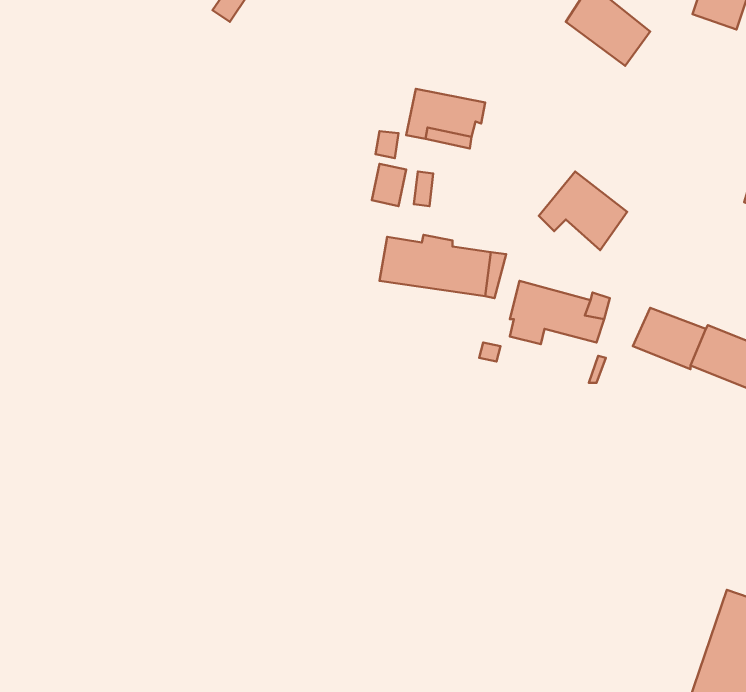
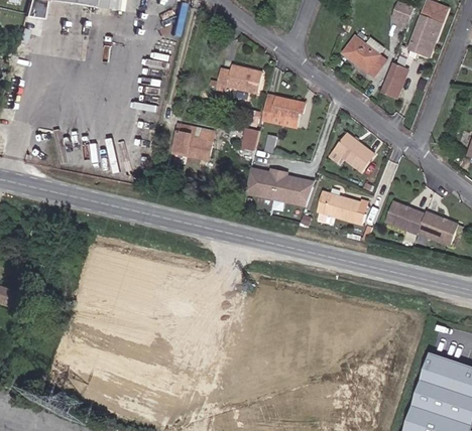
building: none -> [383,63,411,101]
building: none -> [211,65,262,96]
building: none -> [172,126,214,163]

